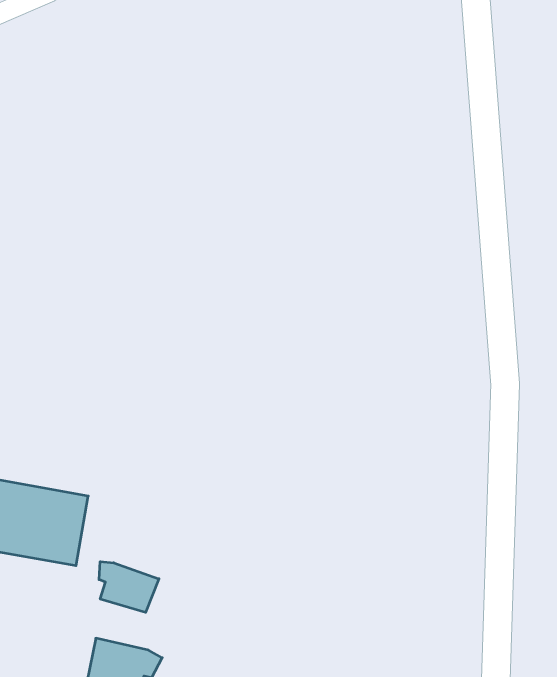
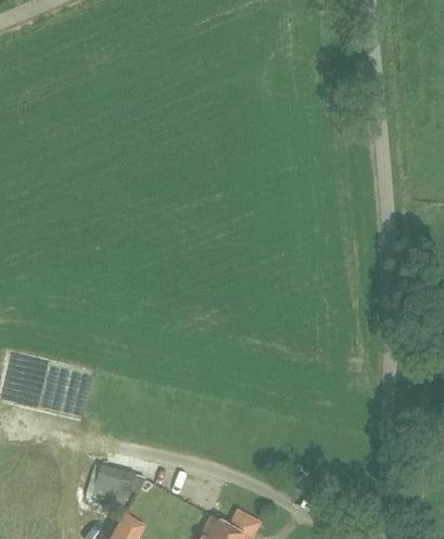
building: [99,562,159,612] -> none

